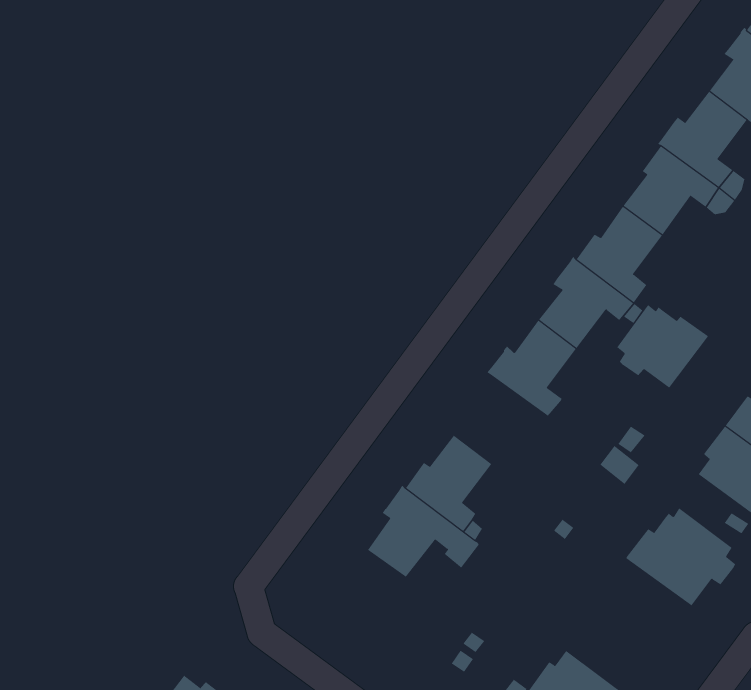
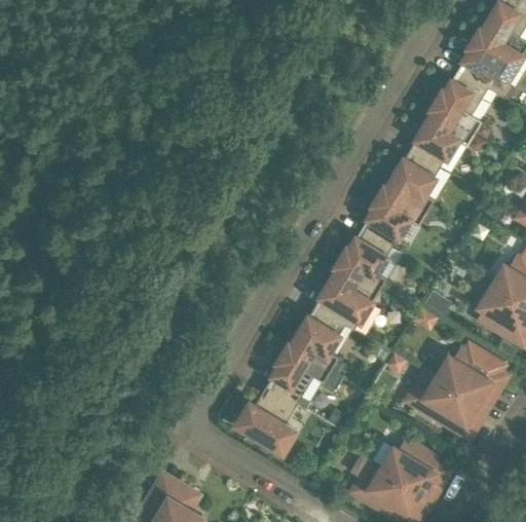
building: [616,304,709,388] -> none
building: none -> [317,265,377,328]
building: none -> [407,368,481,436]
building: none -> [235,385,296,449]

